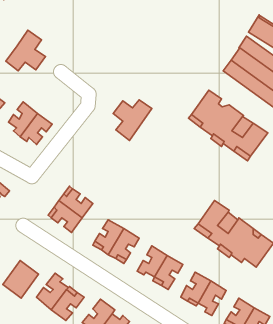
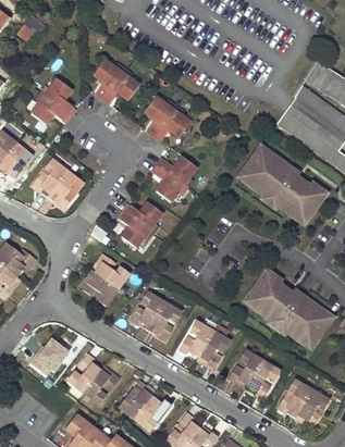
building: none -> [94,59,139,103]
building: none -> [145,96,190,140]
building: none -> [118,201,162,246]

